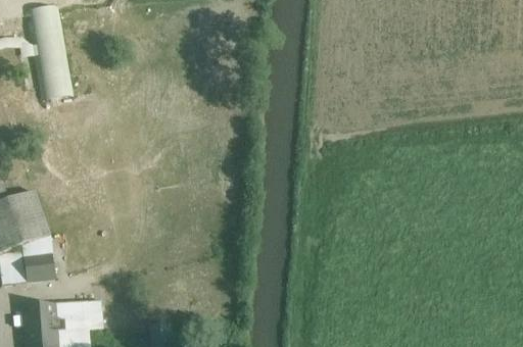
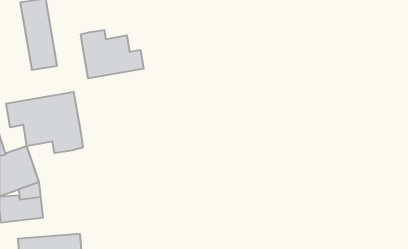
building: none -> [81,30,144,78]
building: none -> [6,92,83,153]

